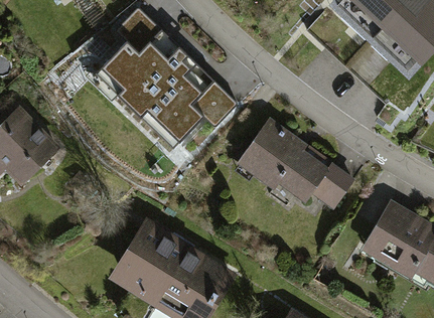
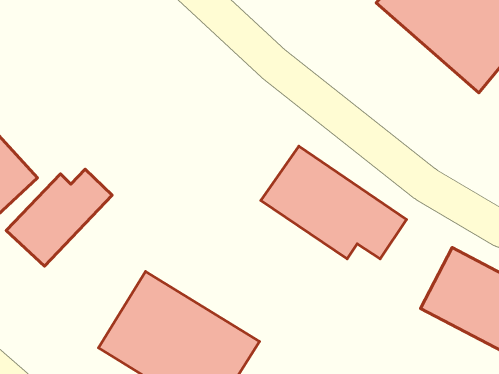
building: [103,13,239,150] -> none
building: none -> [6,169,112,266]

